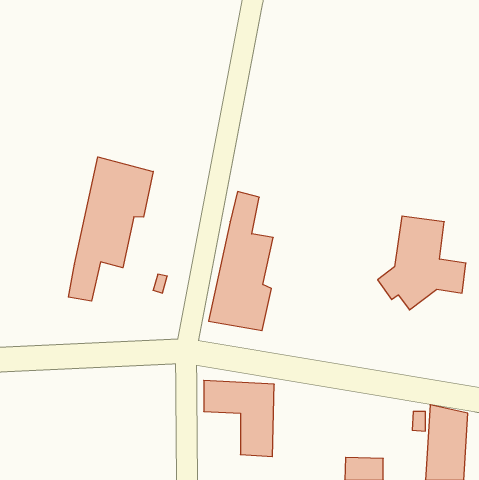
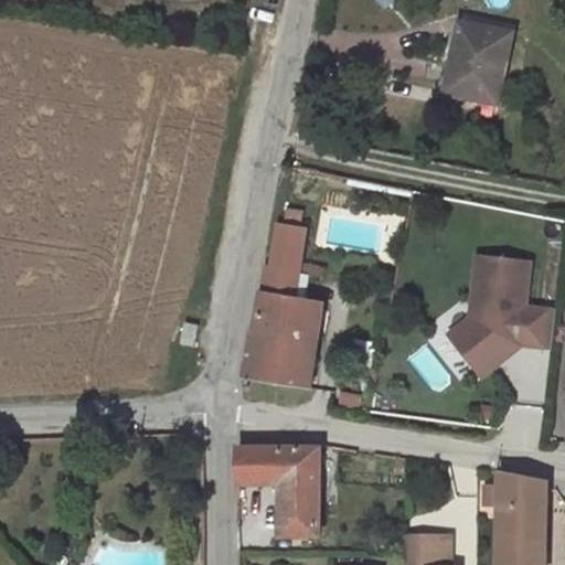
building: none -> [445,19,510,100]
building: [68,157,153,301] -> none

